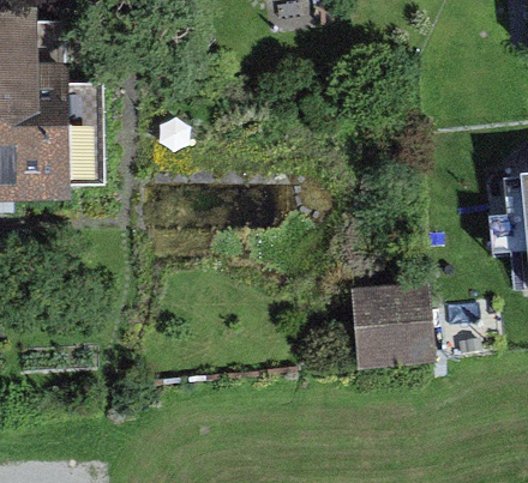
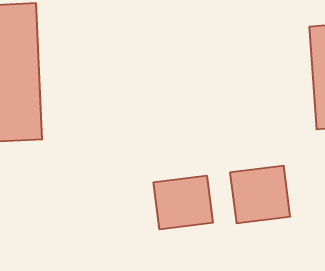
building: none -> [154,176,213,229]

